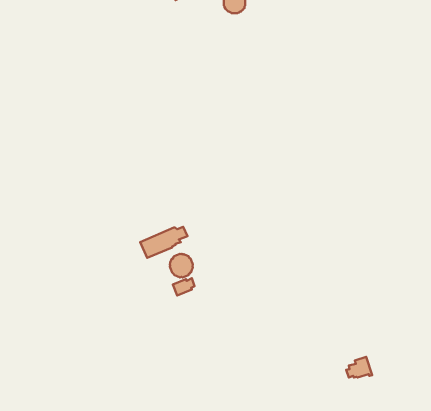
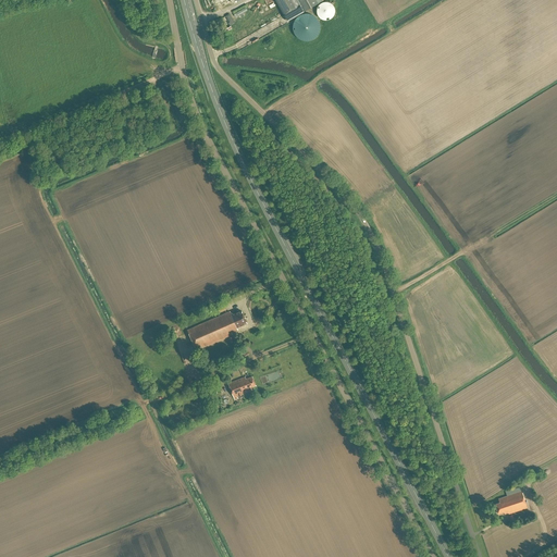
building: [170,254,193,277] -> none
building: [346,357,372,378] -> [495,486,528,512]

